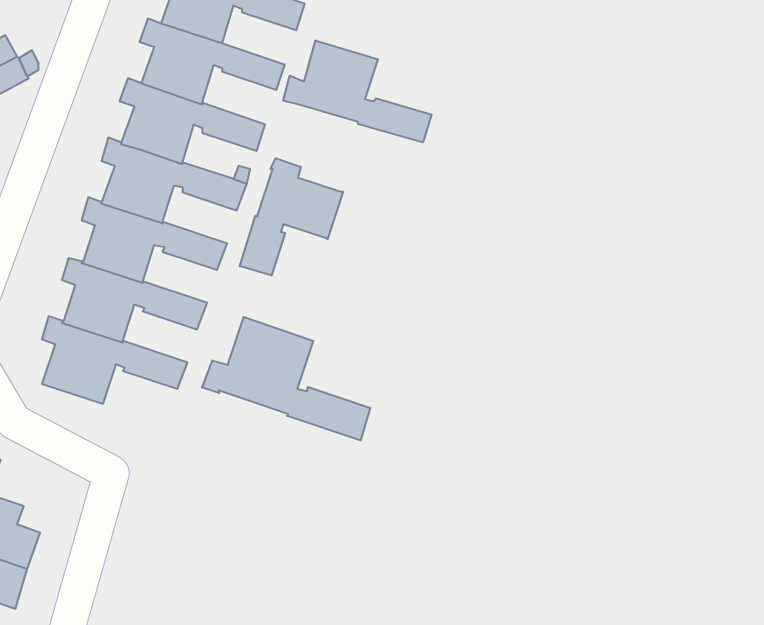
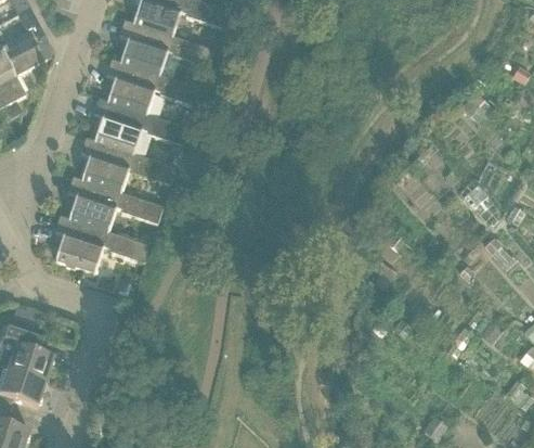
building: [283,40,431,142] -> none
building: [240,158,343,276] -> none
building: [202,317,370,440] -> none

